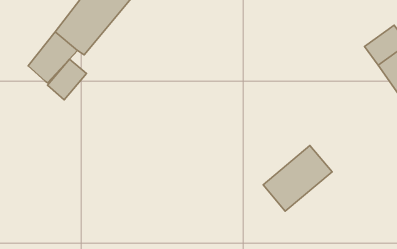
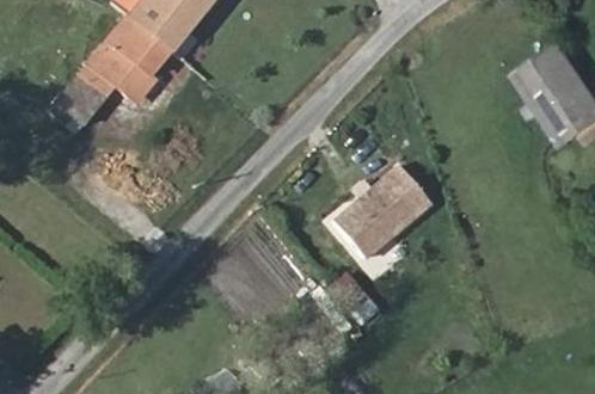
building: [47,59,86,100] -> none
building: [263,146,332,211] -> [330,164,427,256]

